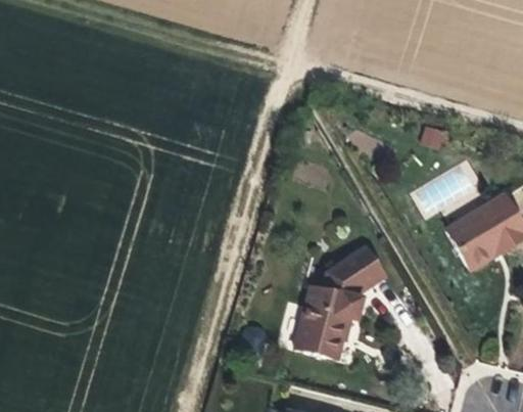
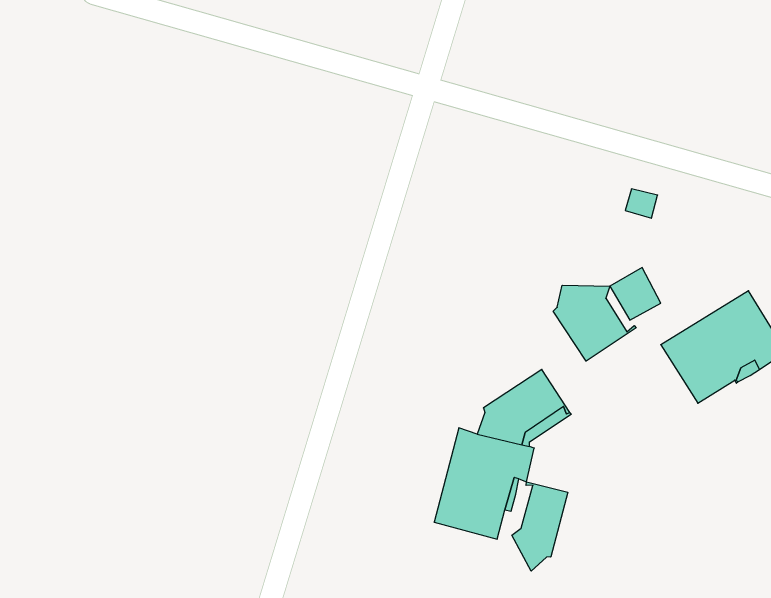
building: none -> [553,285,636,361]
building: none -> [512,482,568,571]

